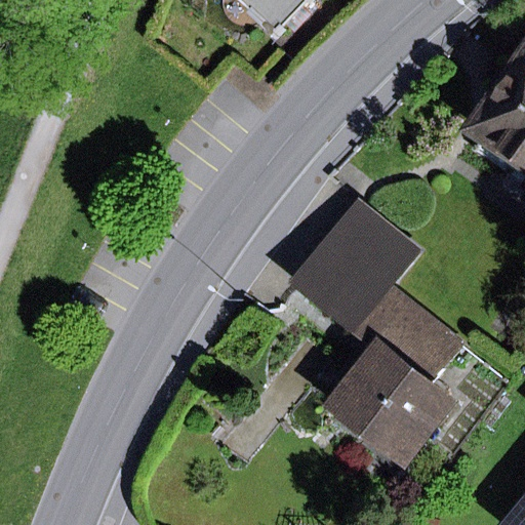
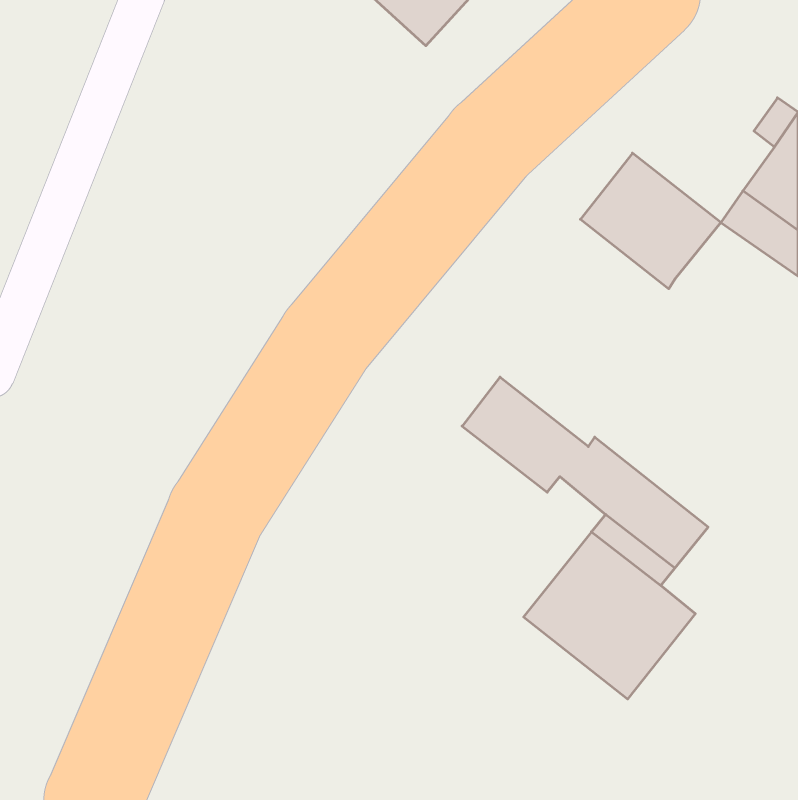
building: [325,202,416,290] -> [580,153,721,289]

